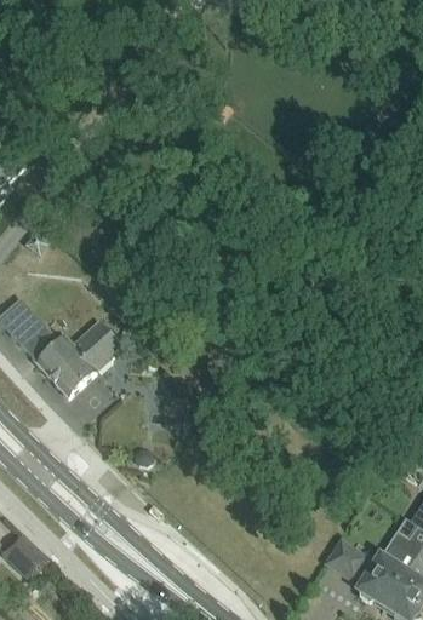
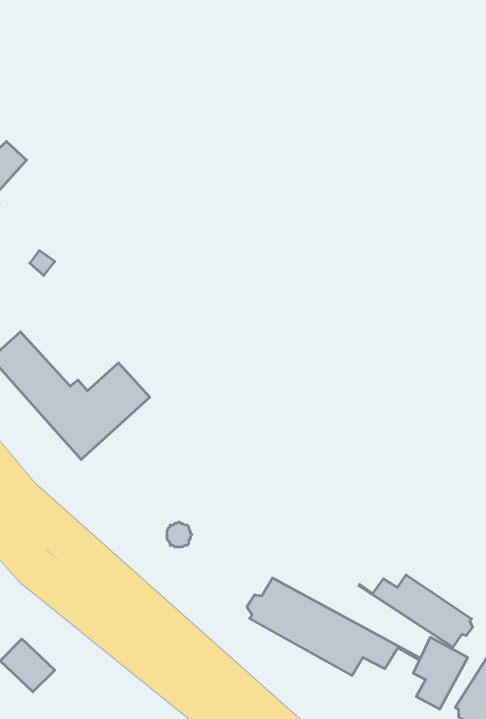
building: none -> [359,575,473,647]
building: none -> [247,578,419,676]

